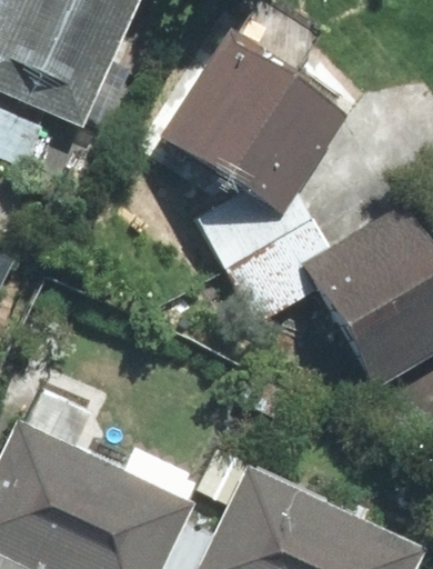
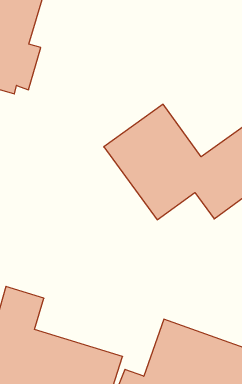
building: [155,36,289,186] -> none

